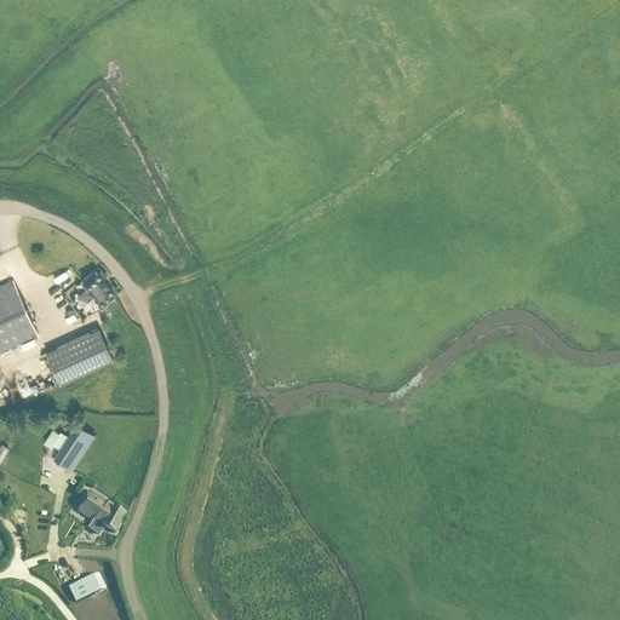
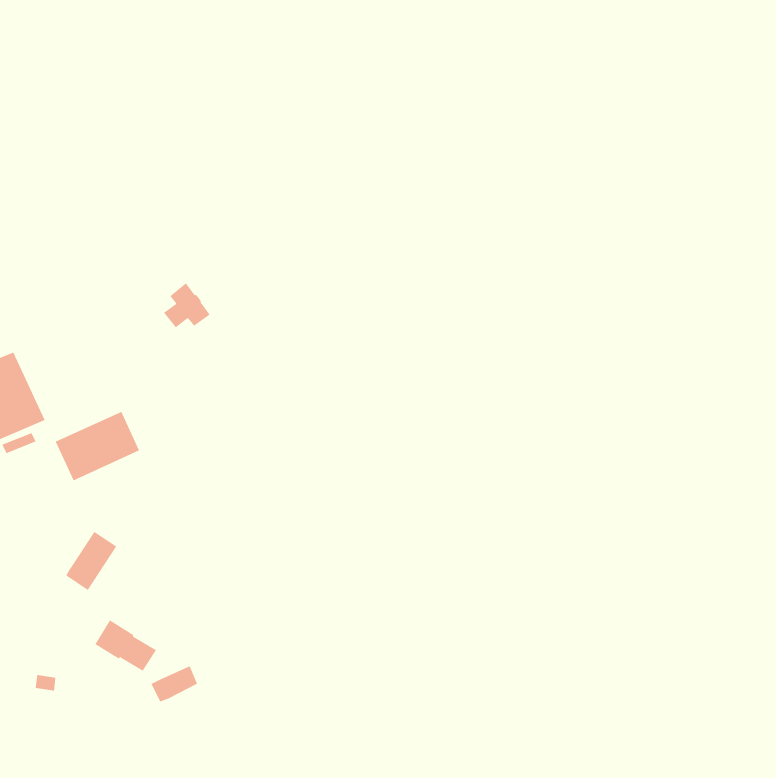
building: [75,269,113,305] -> [163,282,210,328]
building: [67,575,104,604] -> [151,665,198,702]

